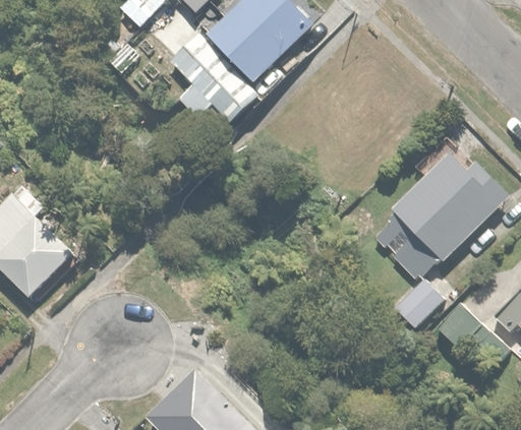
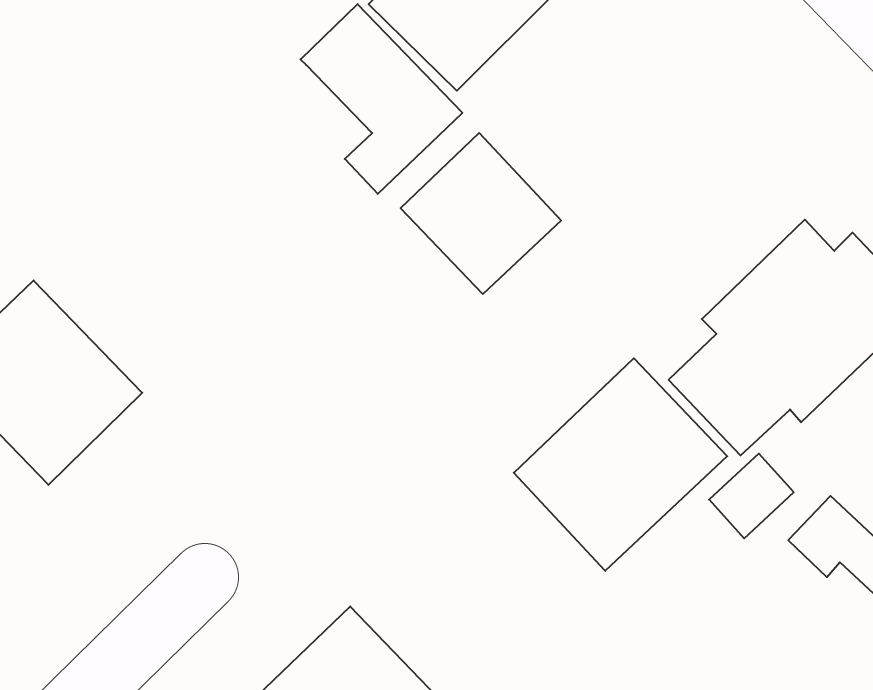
building: none -> [401,133,561,294]
building: none -> [514,358,727,571]

